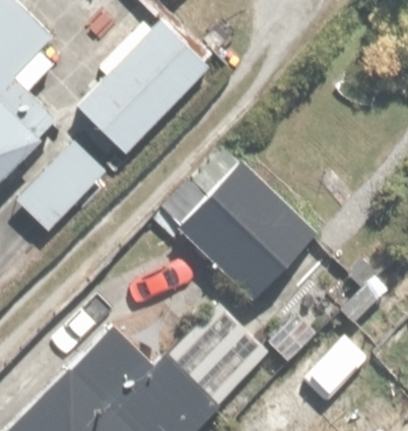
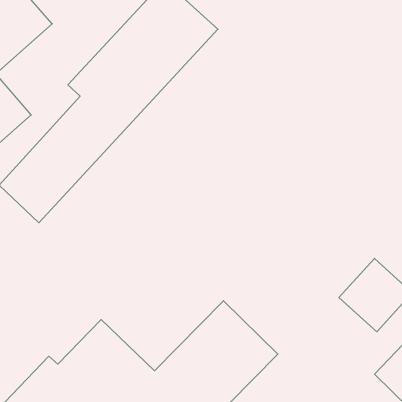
building: [174,161,320,307] -> none

